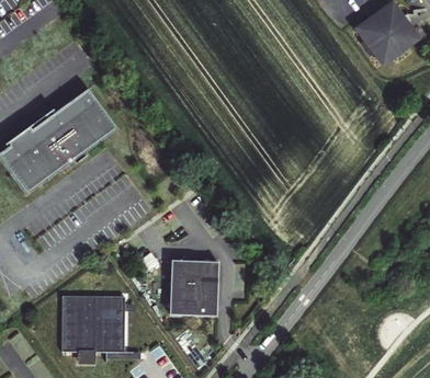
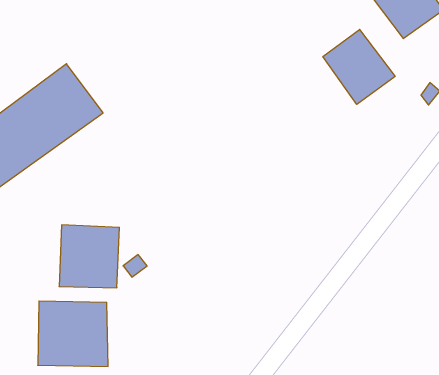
building: none -> [323,29,395,104]
building: [166,260,218,314] -> [59,225,119,288]

